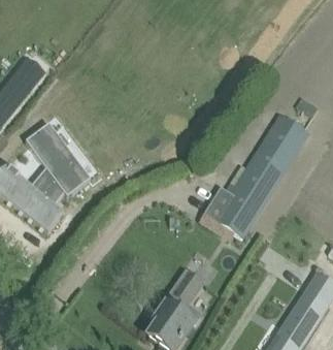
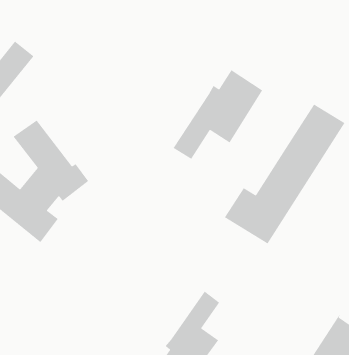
building: none -> [172,69,263,160]

